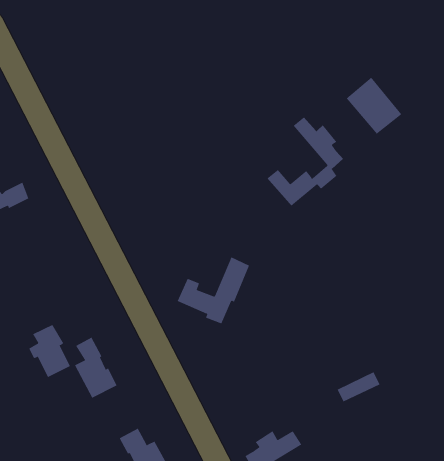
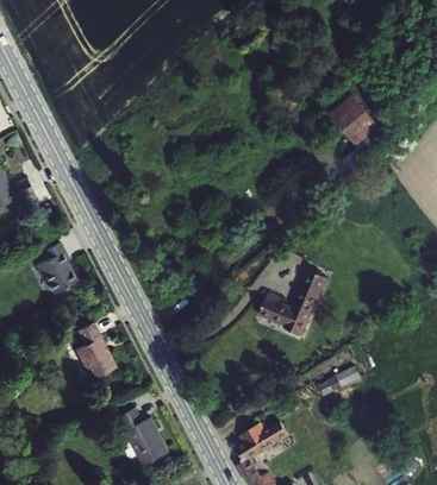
building: [267,116,344,207] -> none
building: [177,256,250,324] -> [260,266,327,329]
building: [28,324,71,378] -> [38,250,77,300]

